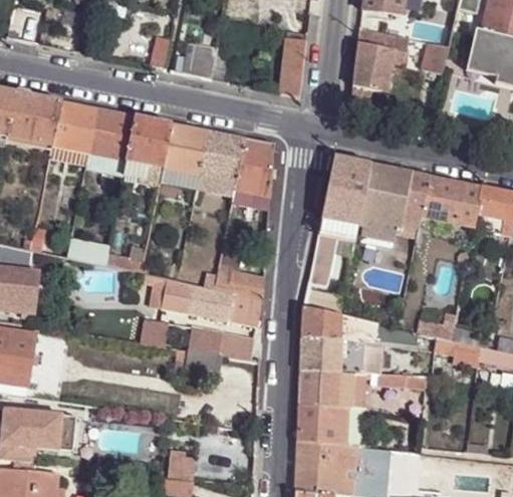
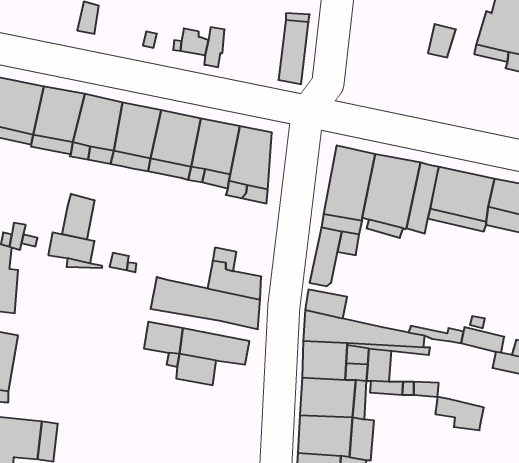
building: [349,26,410,111] -> none
building: none -> [62,194,94,240]
building: [437,337,482,368] -> [435,397,484,430]

